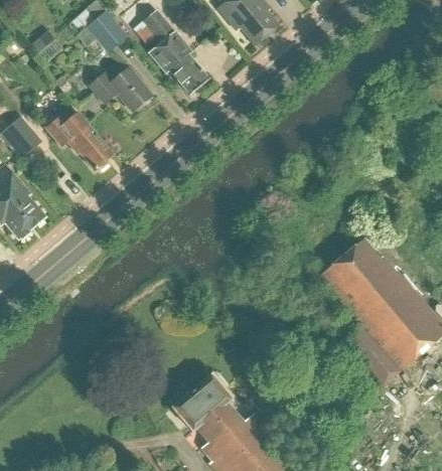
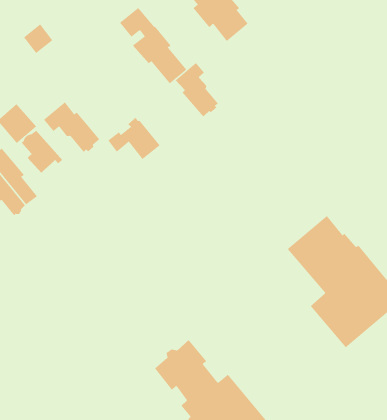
building: [77,13,124,52] -> none
building: [94,63,152,111] -> [107,117,160,160]
building: none -> [175,62,219,117]
building: none -> [21,130,63,173]

